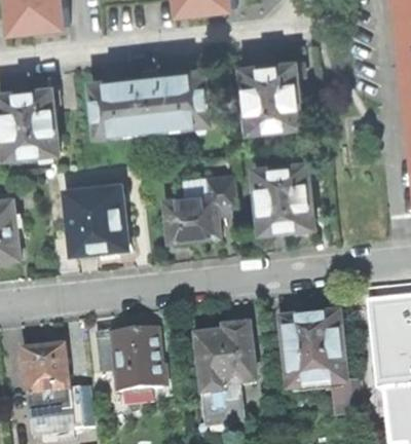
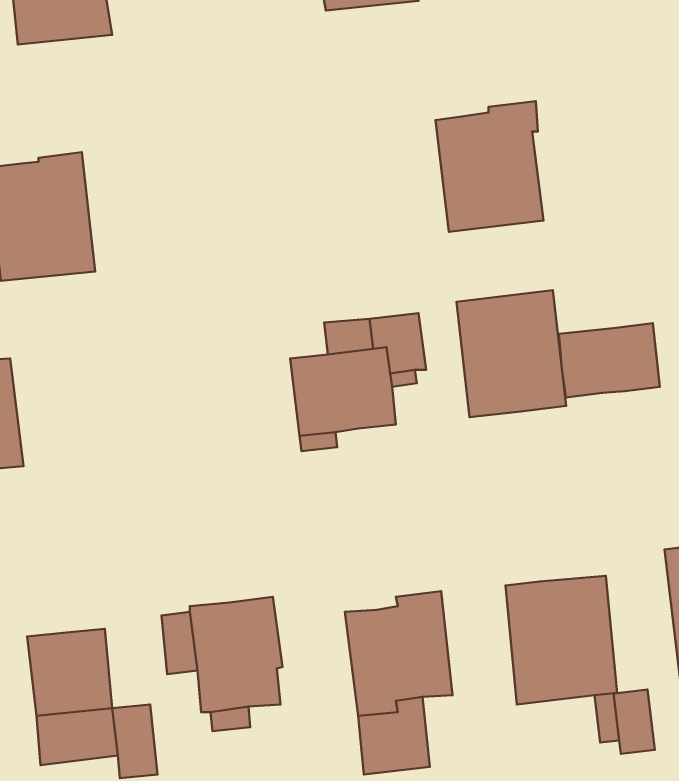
building: [91,71,210,135] -> none
building: none -> [559,323,660,398]
building: [64,185,125,253] -> none

